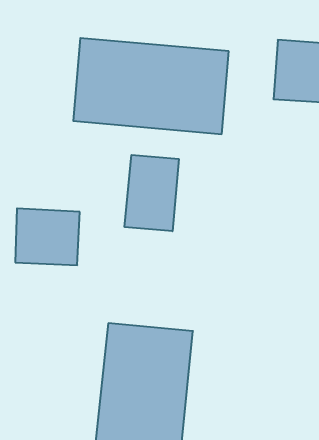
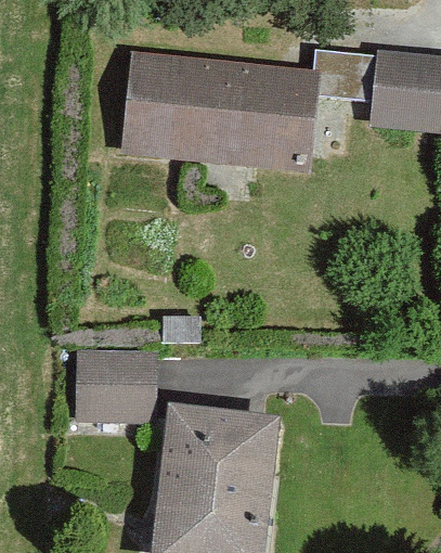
building: [125,155,179,231] -> none
building: [15,208,80,265] -> [77,353,157,424]

